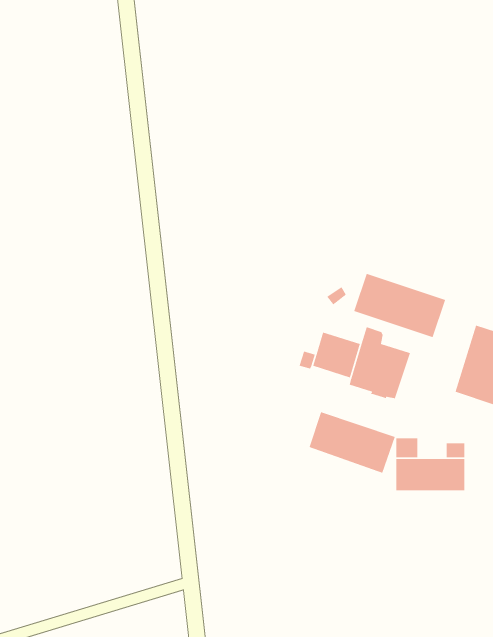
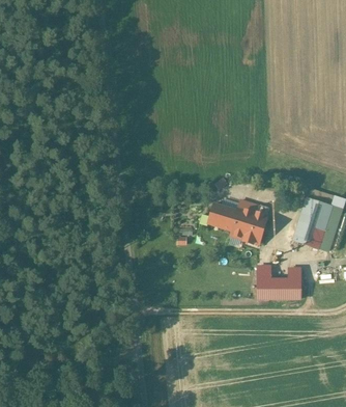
building: [353,273,446,338] -> none
building: [308,411,396,474] -> none

